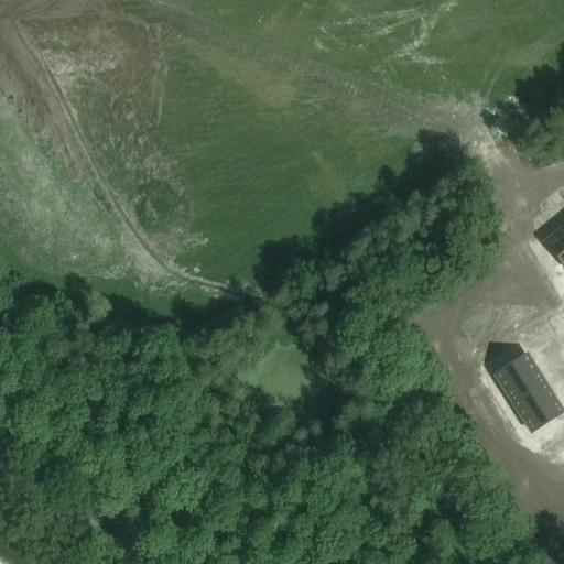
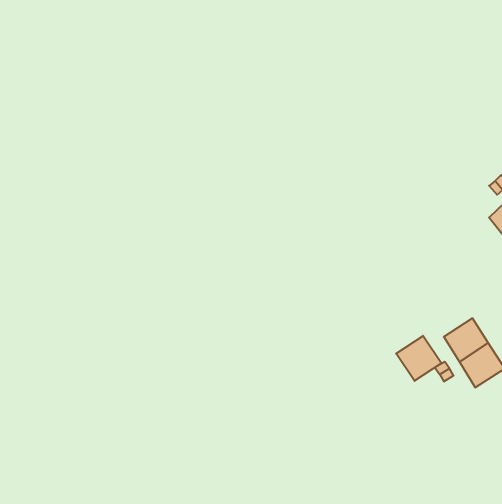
building: none -> [396,336,441,381]

